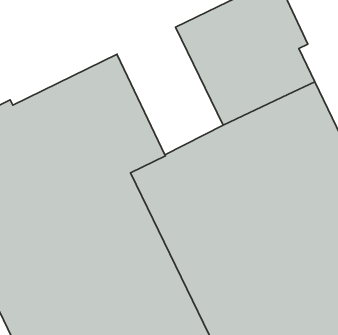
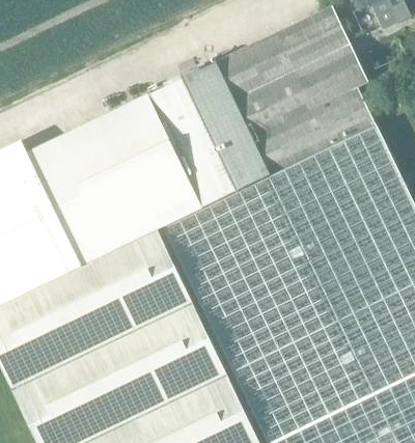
building: none -> [147,62,270,210]

